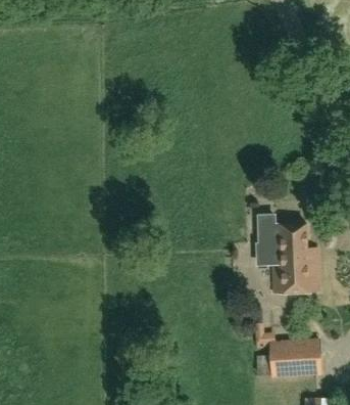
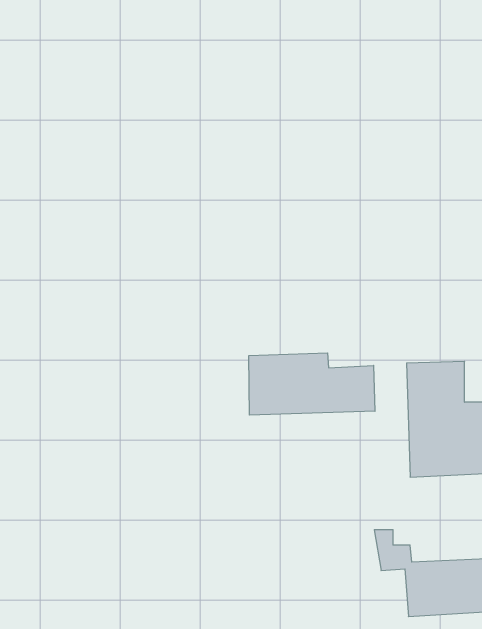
building: none -> [249,353,375,415]

